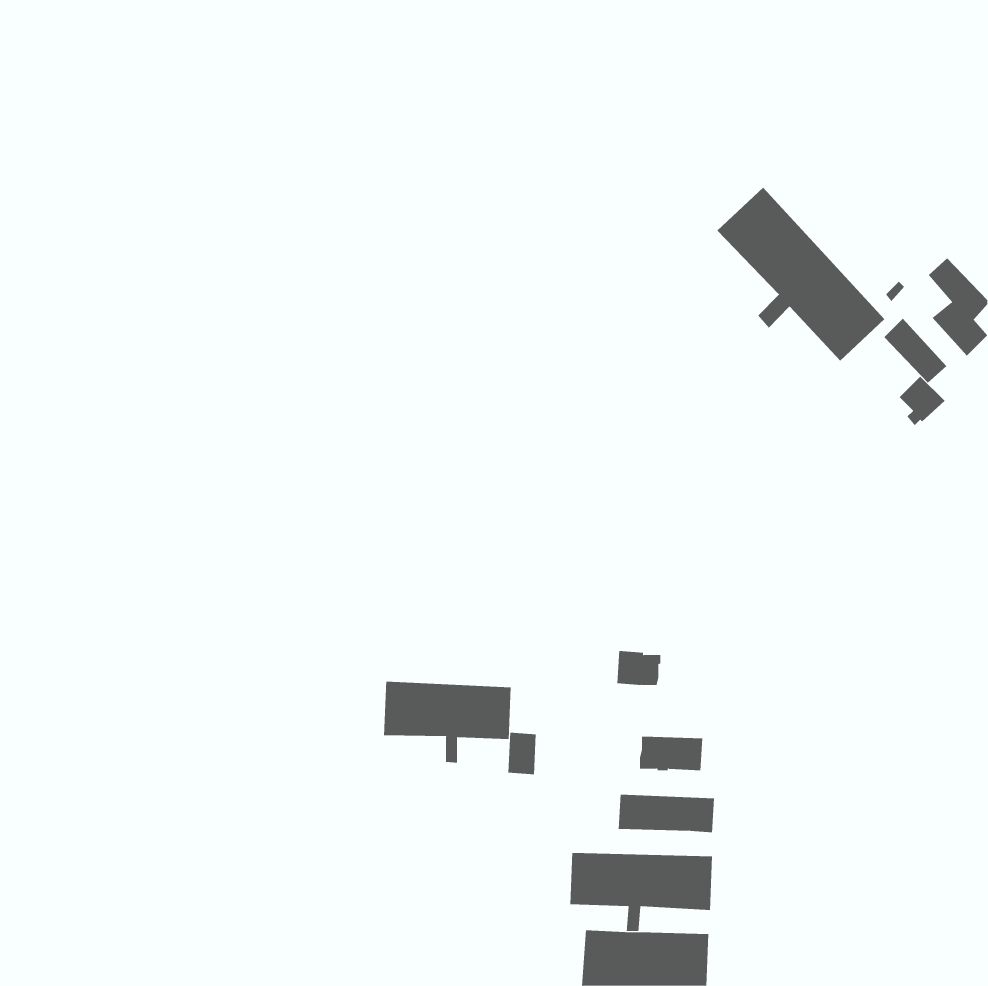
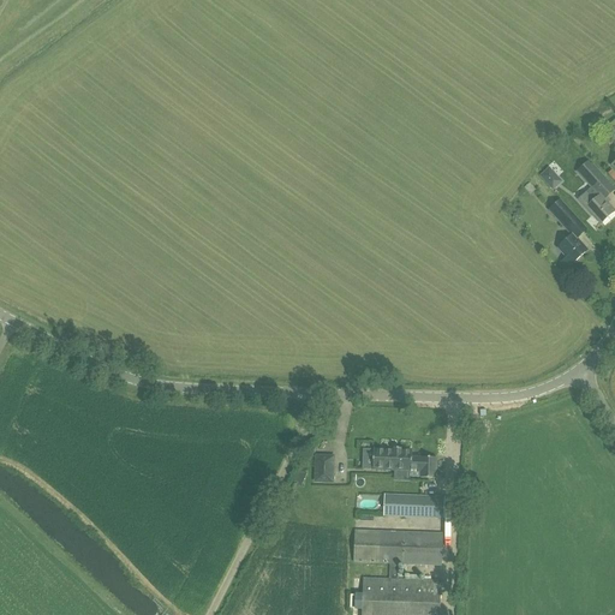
building: [716,187,885,362] -> none
building: [617,651,661,685] -> [371,448,399,470]
building: [384,681,511,763] -> none

